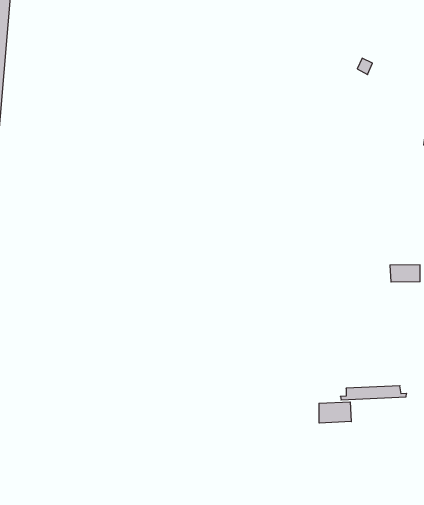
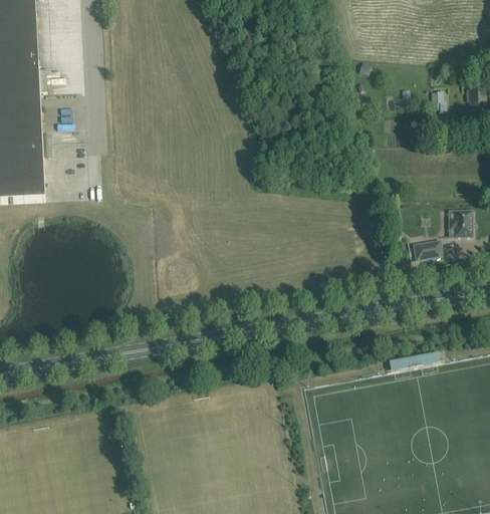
building: [319,402,351,423] -> none

